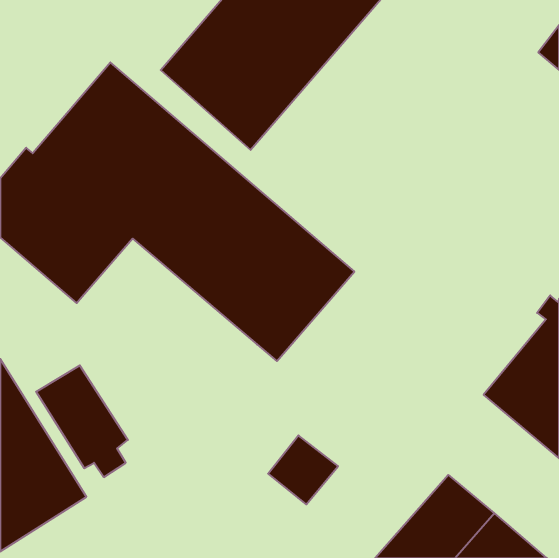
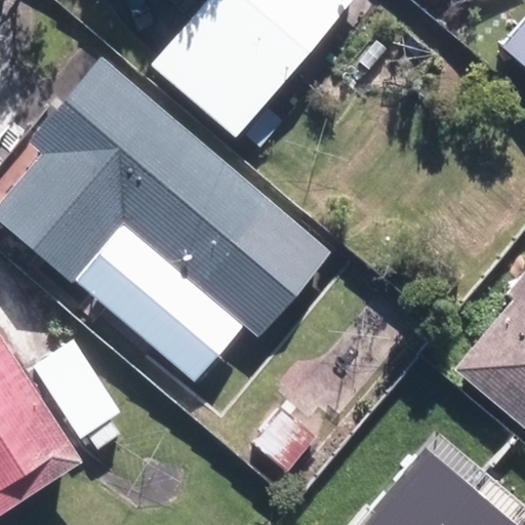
building: none -> [77,224,241,377]

